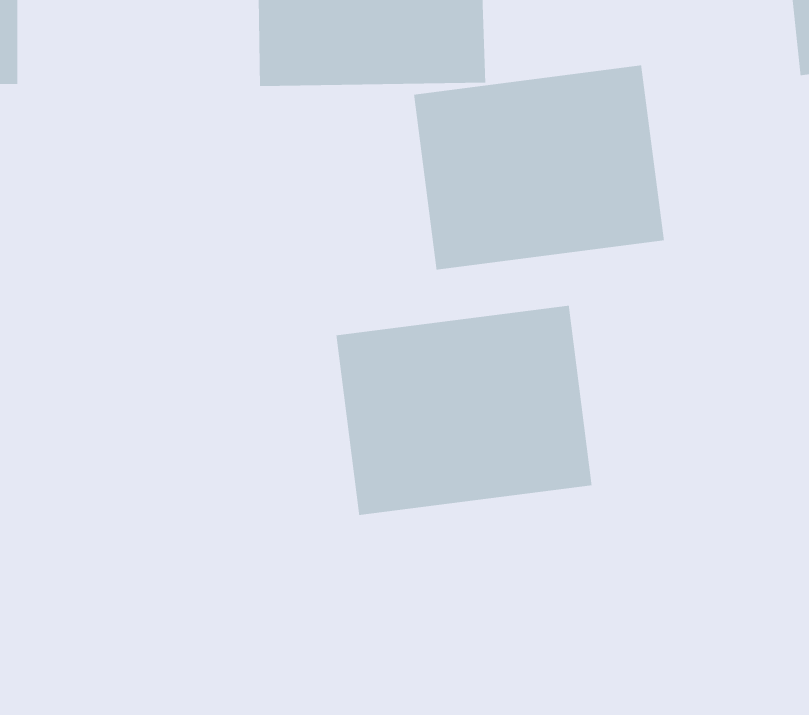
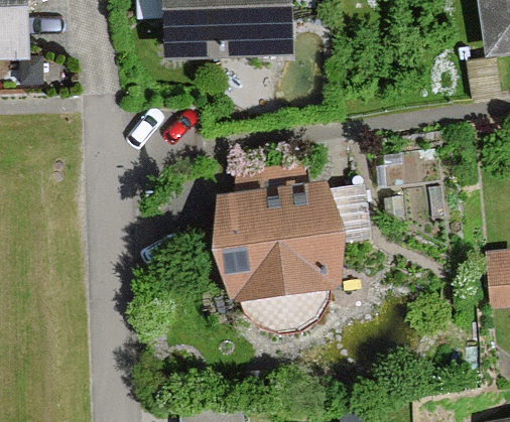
building: [413,64,665,270] -> none

